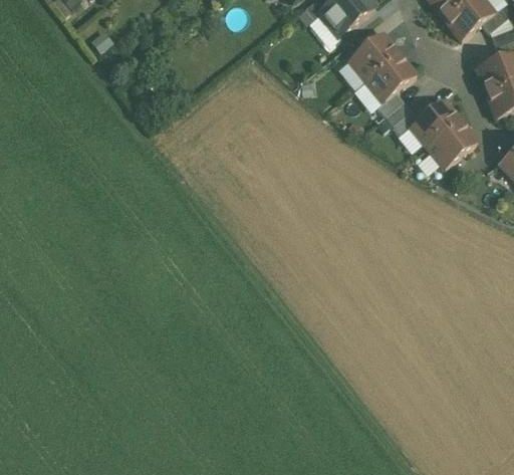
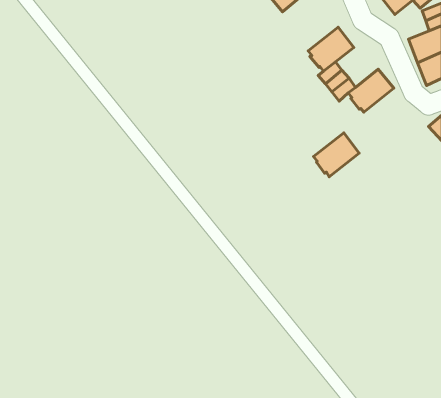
building: [348,31,399,78] -> none
building: [427,120,477,168] -> [314,133,359,177]

